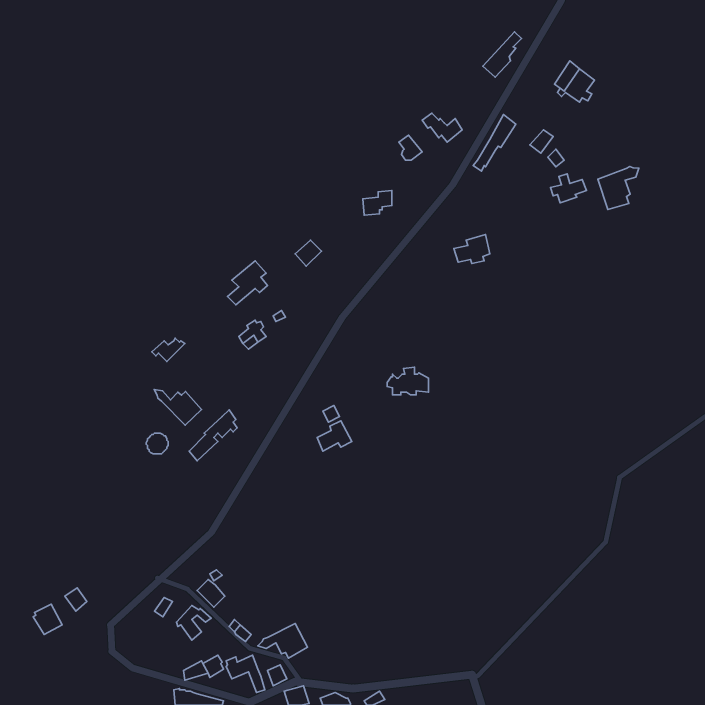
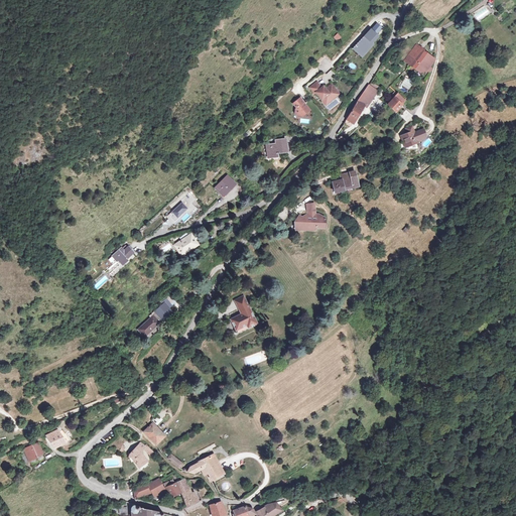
building: [598,166,639,210] -> none
building: [387,367,428,395] -> [295,210,326,230]
building: [154,390,202,425] -> none

